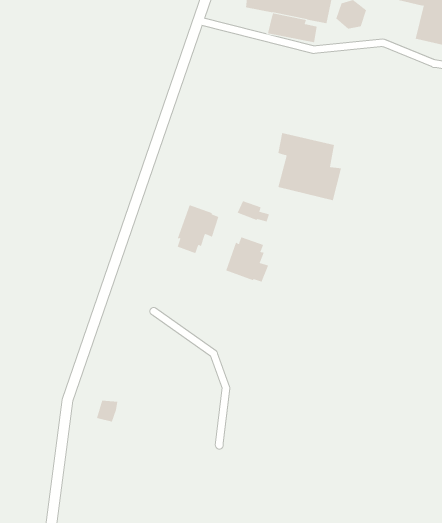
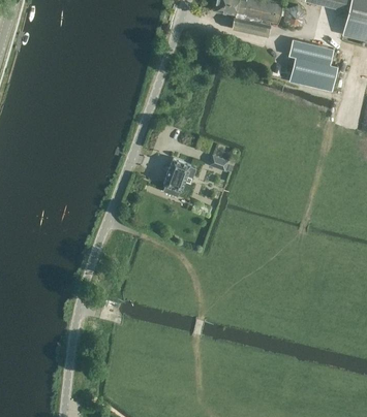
building: [278,133,342,201] -> [289,40,338,92]
building: [226,236,269,283] -> none

